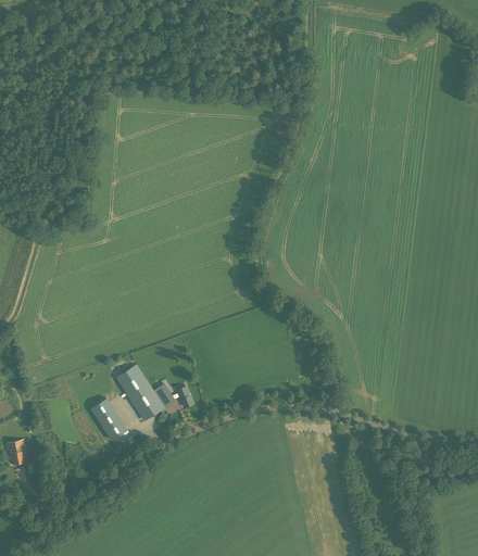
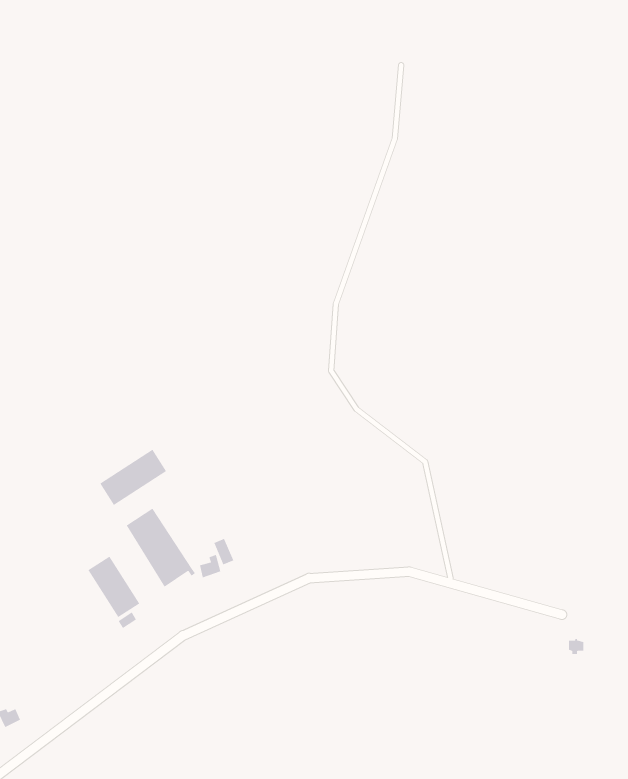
building: none -> [100,449,167,506]

